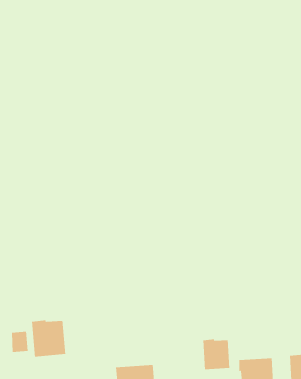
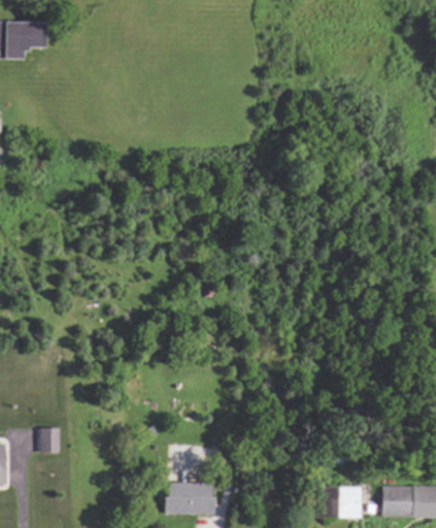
building: [32,319,66,357] -> none
building: [203,339,230,370] -> none

